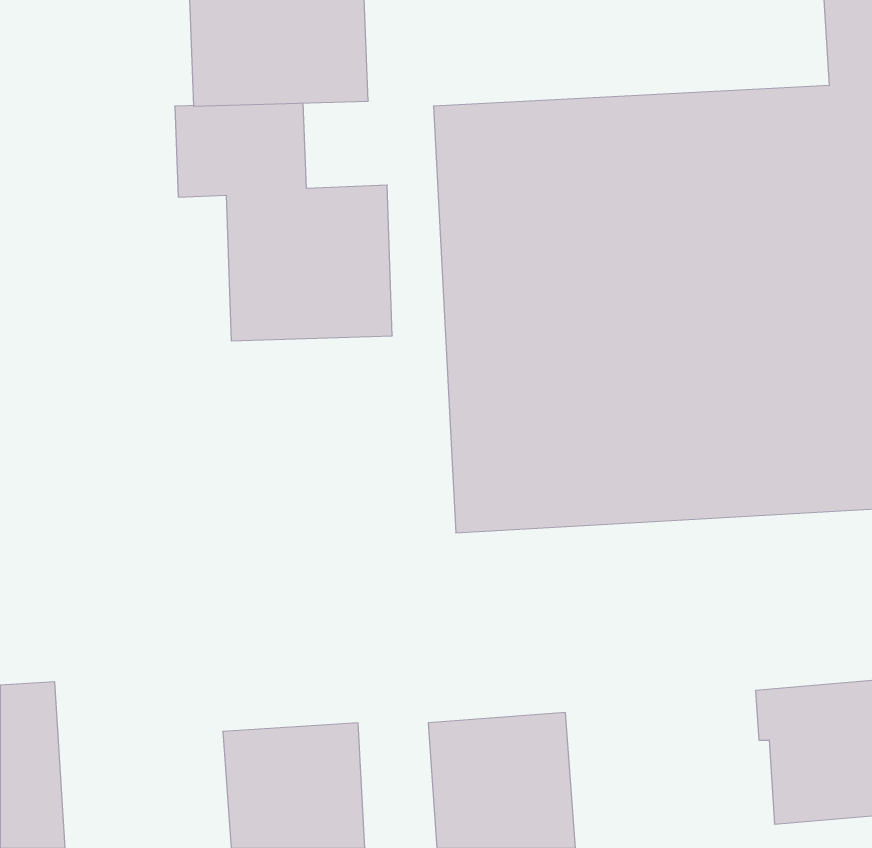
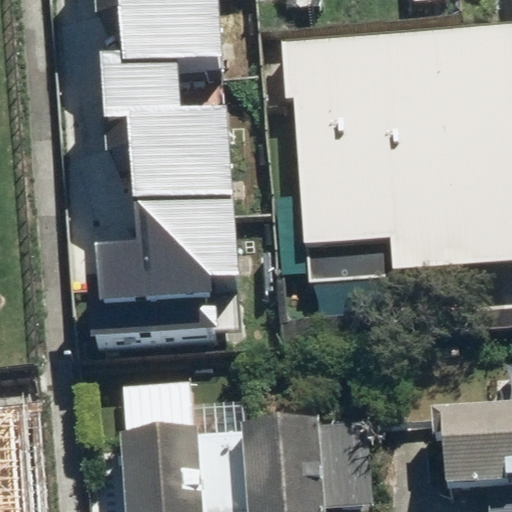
building: none -> [102,196,234,335]

